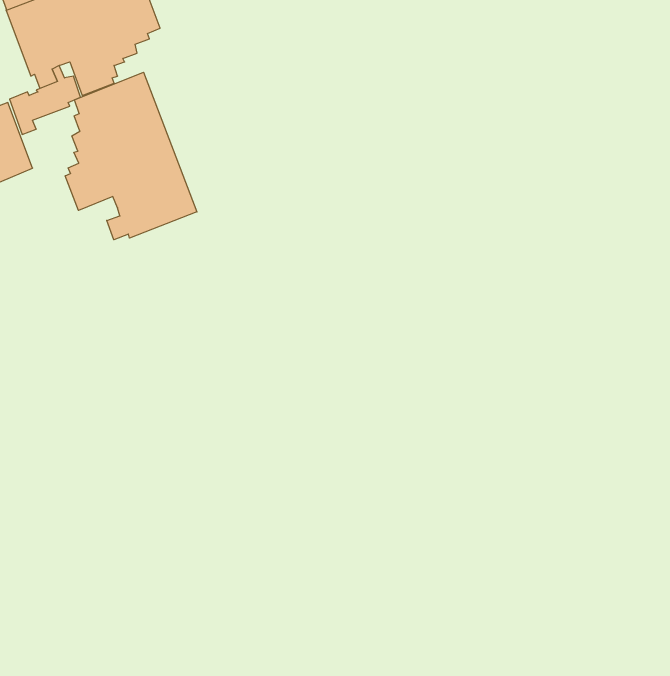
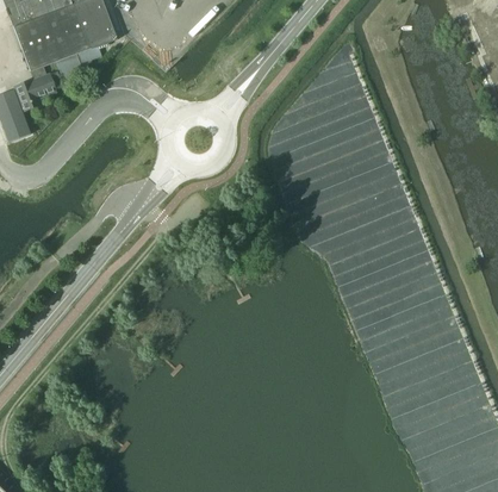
building: [65,72,197,240] -> none

